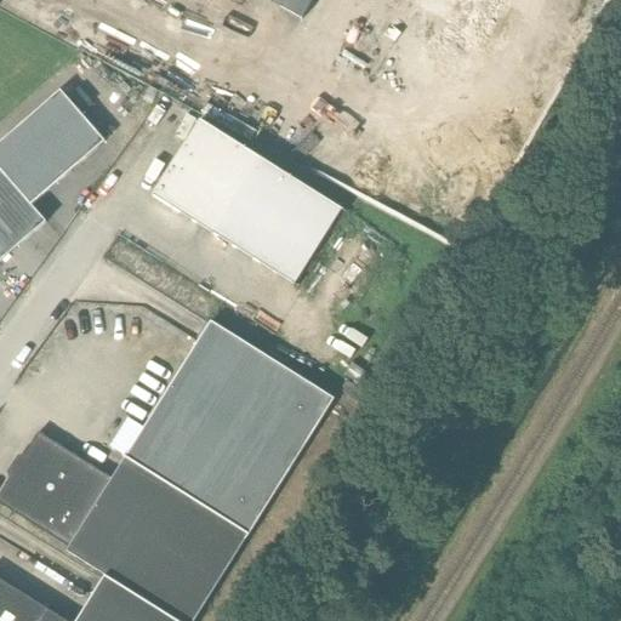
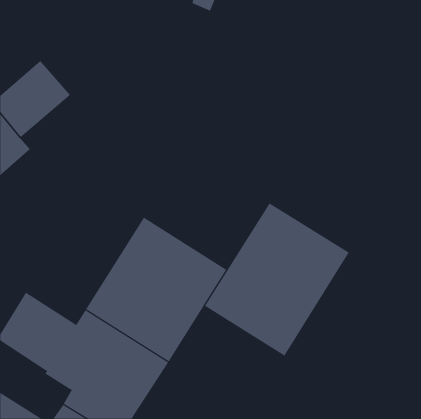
building: [152,118,341,283] -> none
building: none -> [204,203,350,357]

